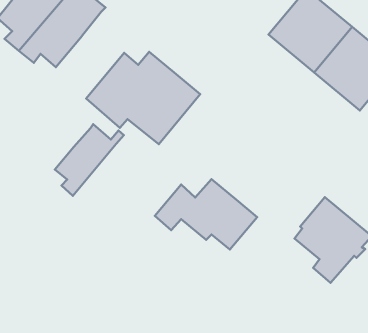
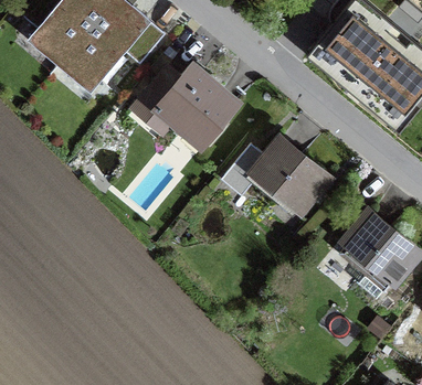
building: none -> [123,19,166,64]
building: [55,124,124,196] -> none
building: [155,179,257,250] -> [224,138,328,210]

